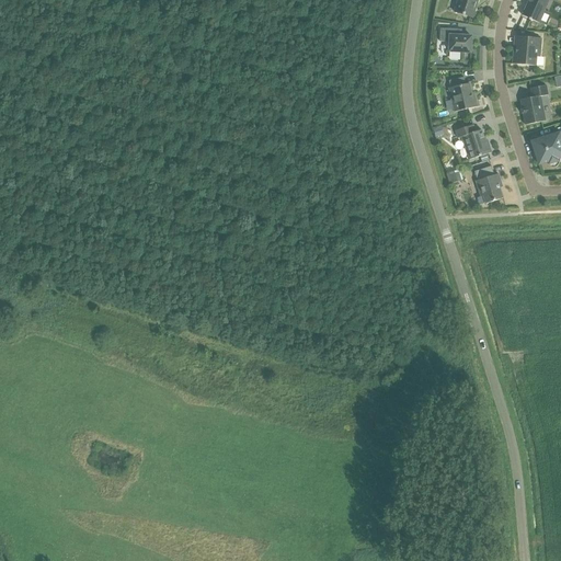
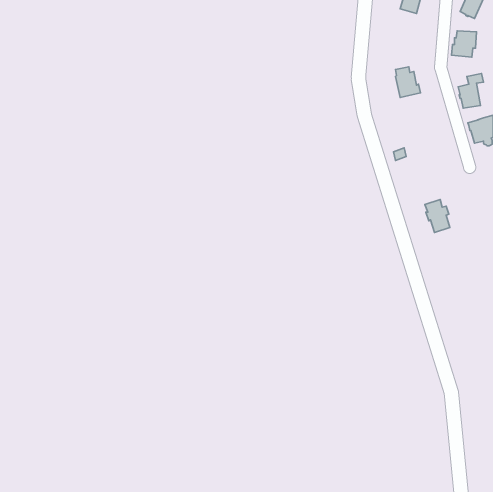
building: [439,26,471,50] -> none
building: [455,123,491,158] -> none
building: [473,164,502,202] -> [425,200,450,232]

